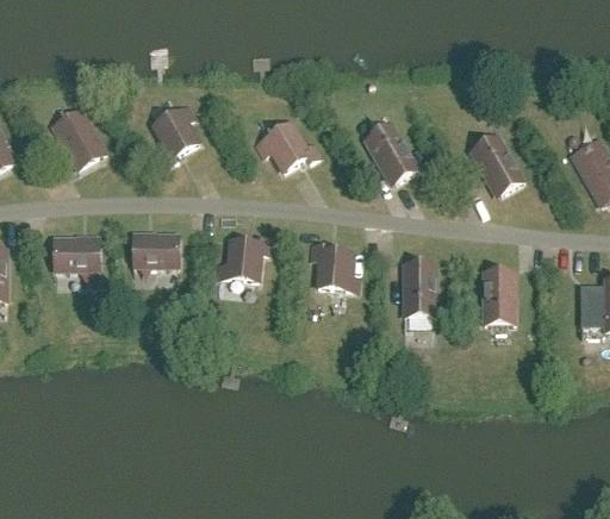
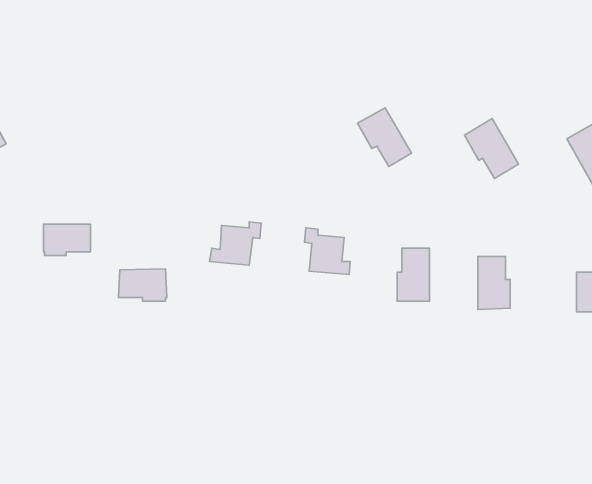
building: [154,105,199,164] -> none
building: [52,107,106,167] -> none
building: [257,121,319,169] -> none
building: [132,233,180,265] -> [119,269,167,301]

